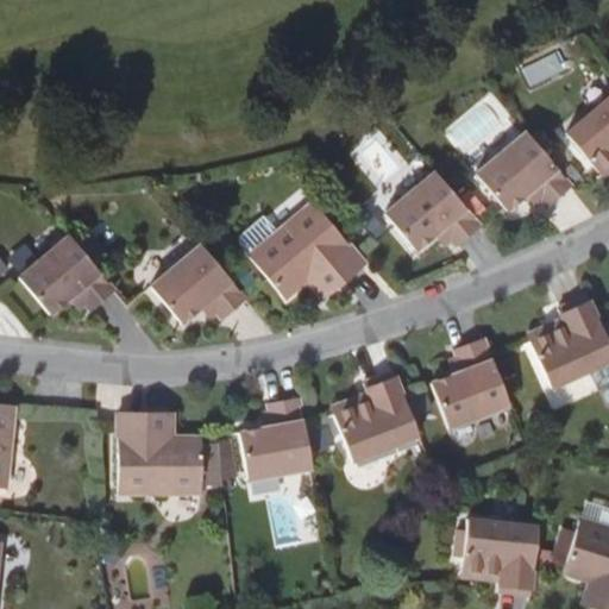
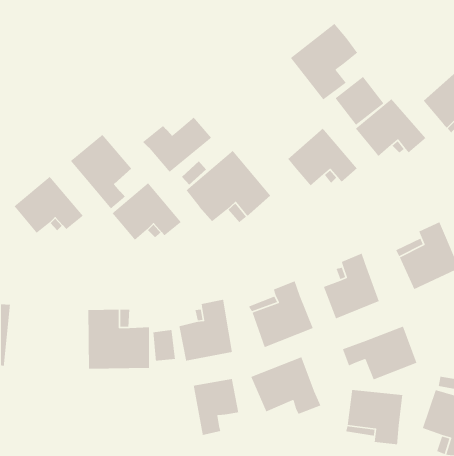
building: none -> [290,23,358,101]
building: none -> [142,116,212,173]
building: none -> [70,134,132,210]
building: none -> [342,326,418,380]
building: none -> [250,356,321,415]
building: none -> [193,378,239,436]

